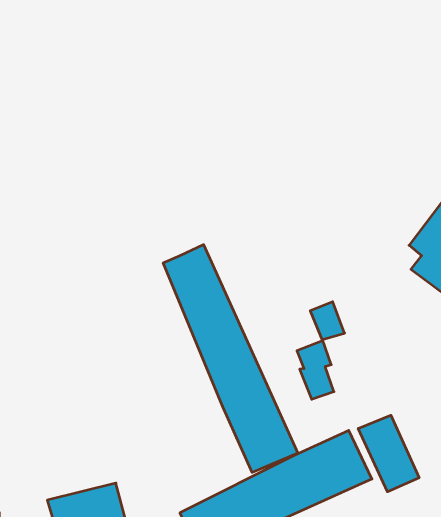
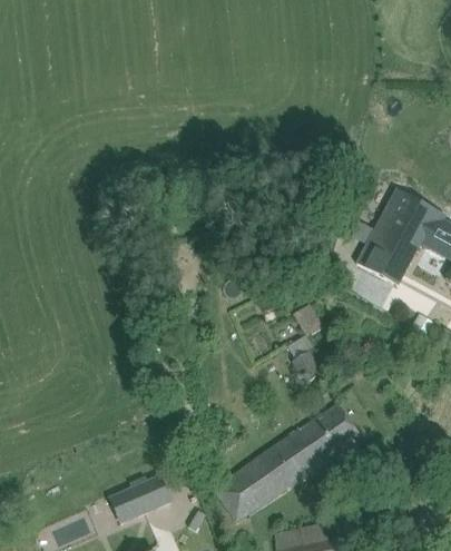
building: [163,245,298,472] -> none
building: [358,415,419,492] -> none

